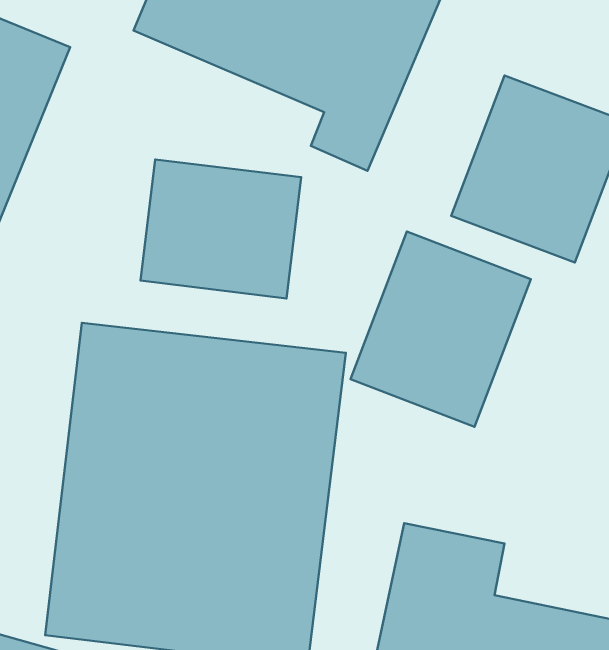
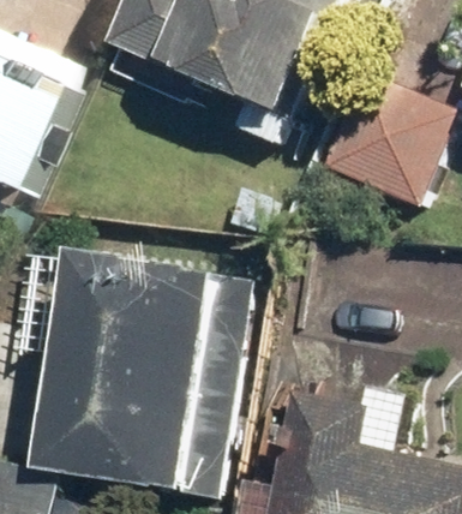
building: [140,159,301,298] -> none
building: [351,232,531,427] -> none

